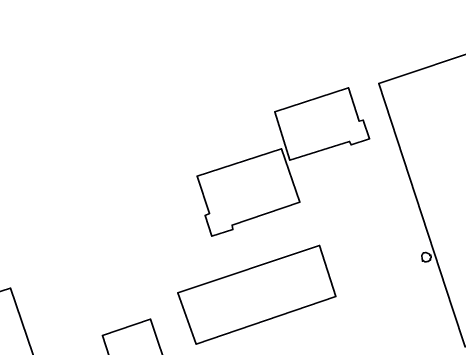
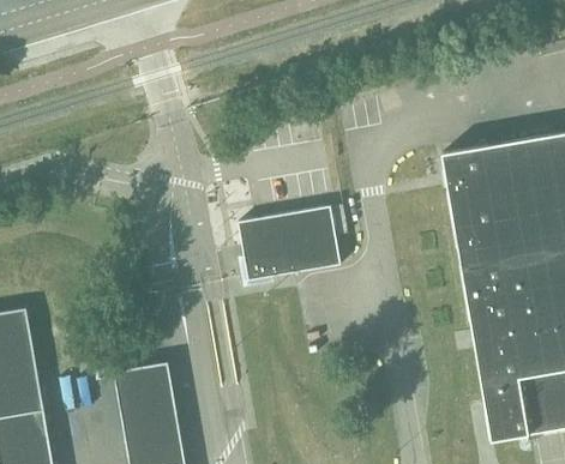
building: [275,88,369,160] -> none
building: [178,246,336,344] -> none

